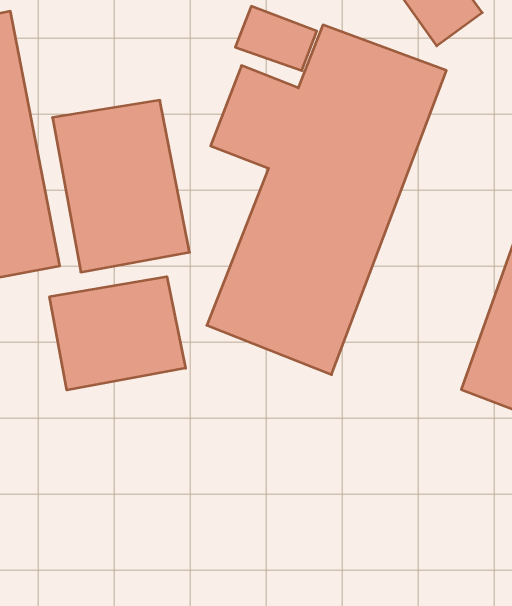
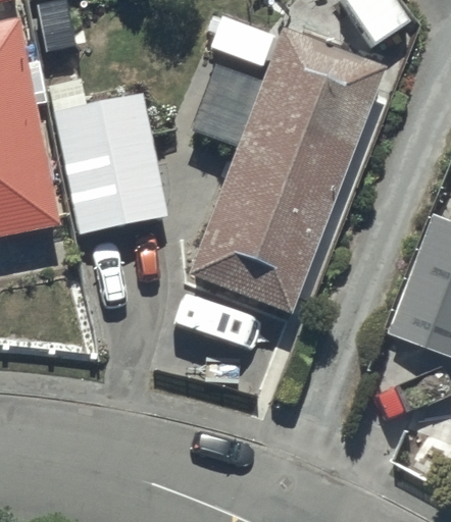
building: [50,277,186,390] -> none

